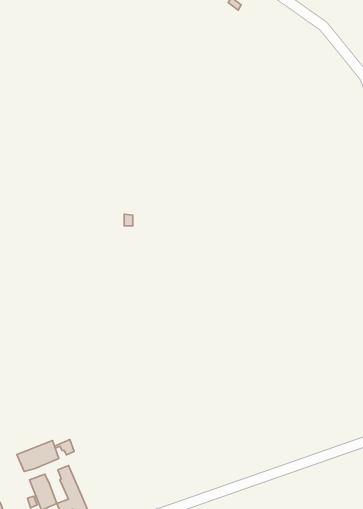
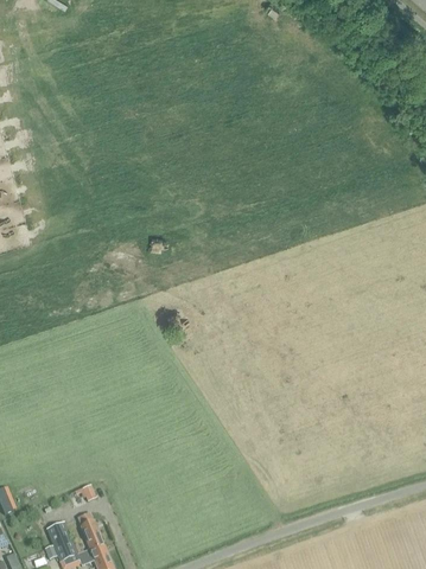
building: [17,440,59,472] -> none

